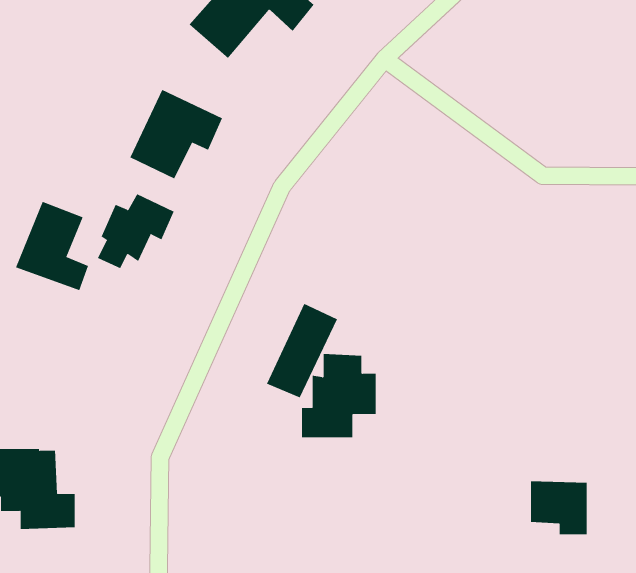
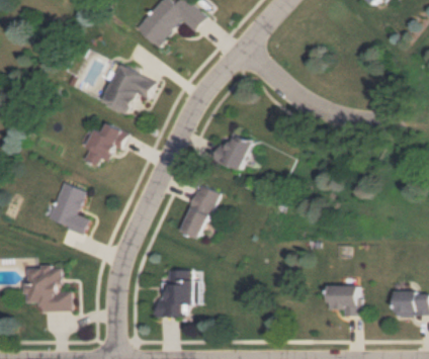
building: [15,201,89,291] -> [47,182,88,233]
building: none -> [211,132,251,169]
building: [301,354,377,438] -> [155,269,197,317]

